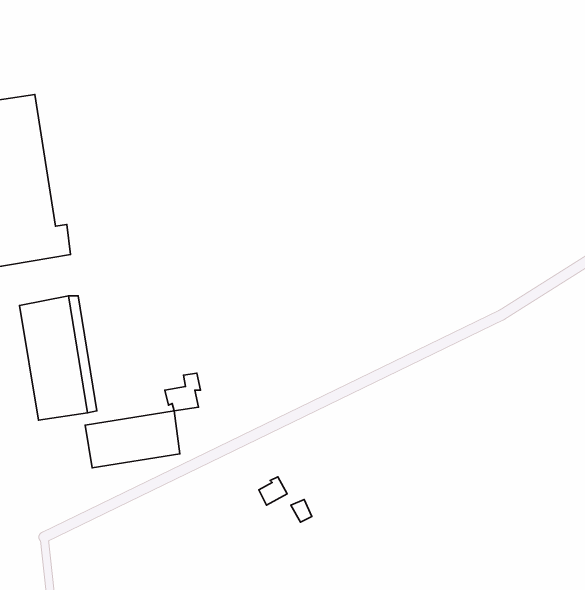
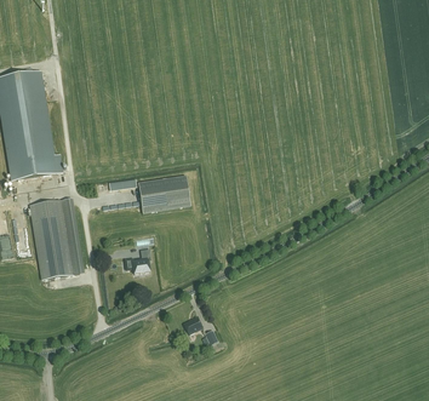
building: none -> [138,174,190,212]
building: [85,411,180,468] -> none

